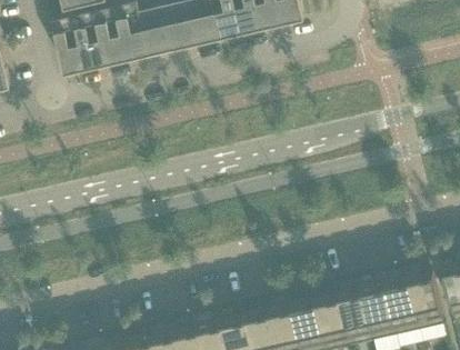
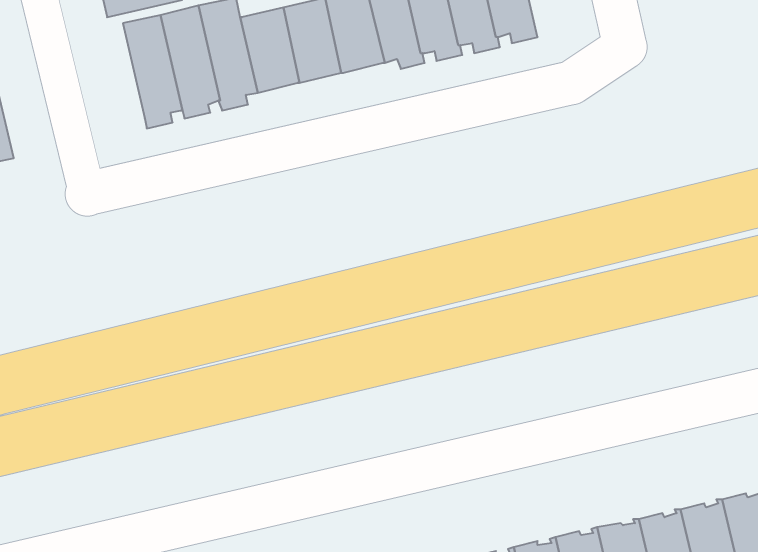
building: [51,18,84,81] -> none

